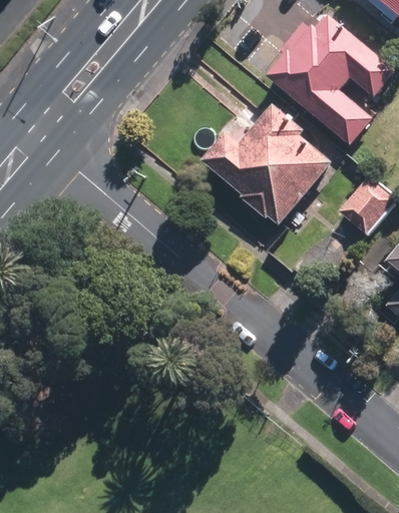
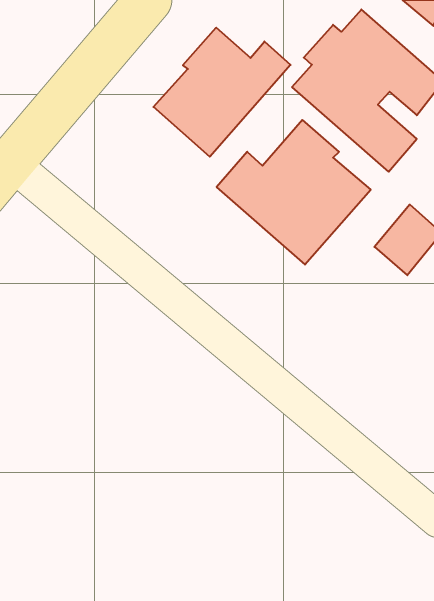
building: none -> [153,28,291,157]

